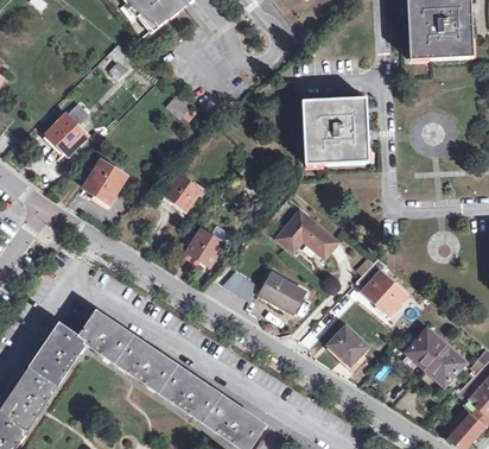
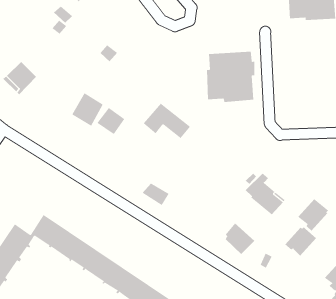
building: [84,159,126,203] -> [71,92,104,126]
building: [277,210,338,257] -> [143,103,191,139]
building: [188,229,223,265] -> none
building: [256,272,304,312] -> none
building: [426,342,466,385] -> [298,198,329,232]

